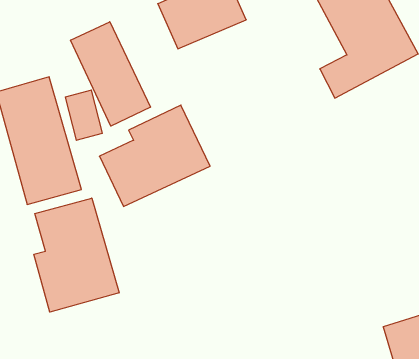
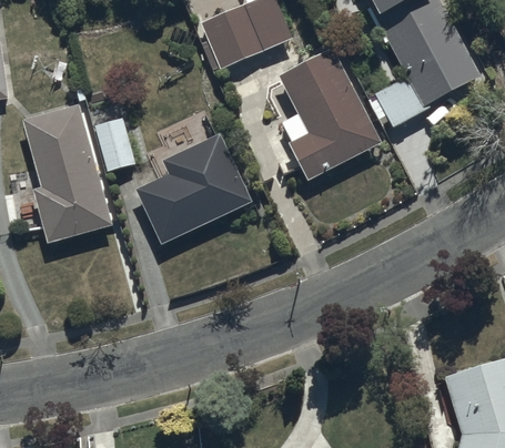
building: [71,22,150,126] -> none
building: none -> [279,48,383,181]
building: [34,198,119,312] -> none

